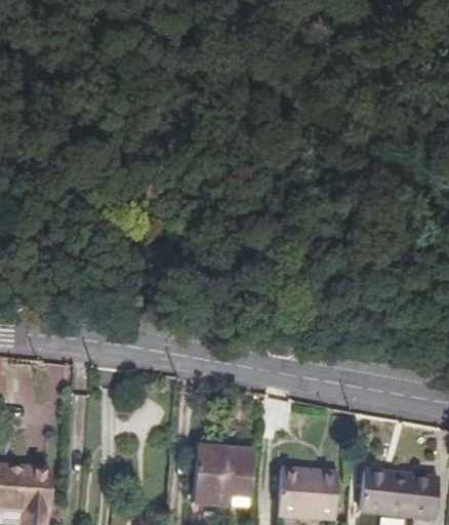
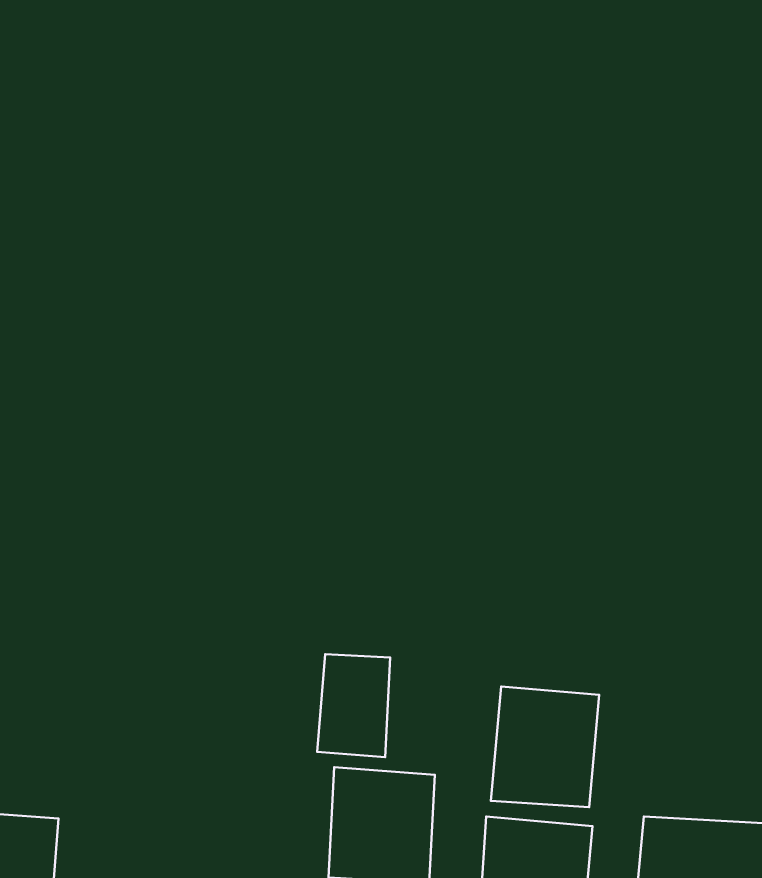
building: none -> [317,654,390,757]
building: none -> [491,686,599,807]

